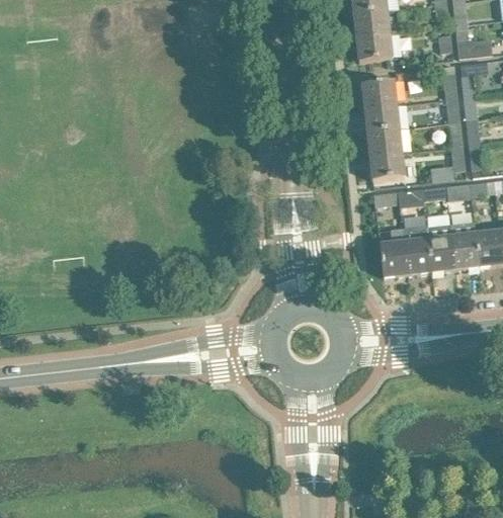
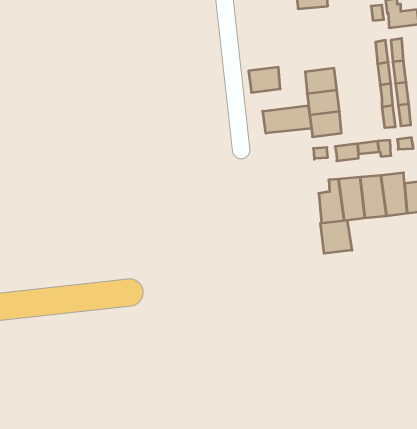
building: [356,33,393,61] -> none
building: [361,79,397,107] -> [249,67,280,92]
building: none -> [263,106,311,133]
building: none -> [320,220,352,253]

